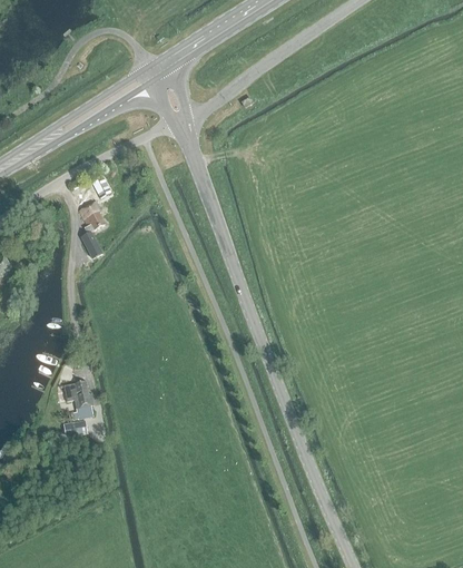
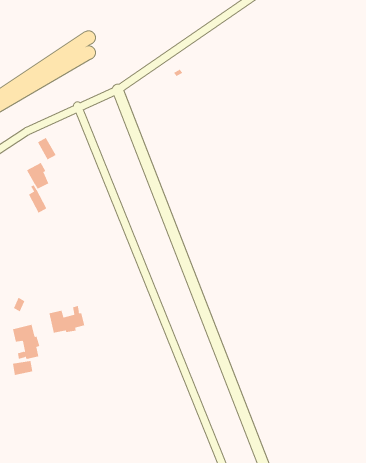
building: none -> [49,305,85,334]

